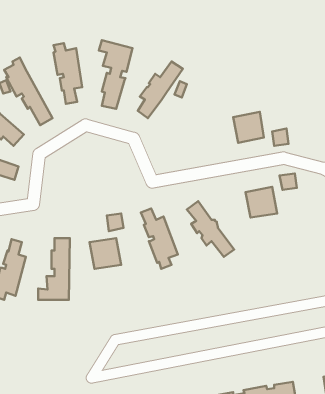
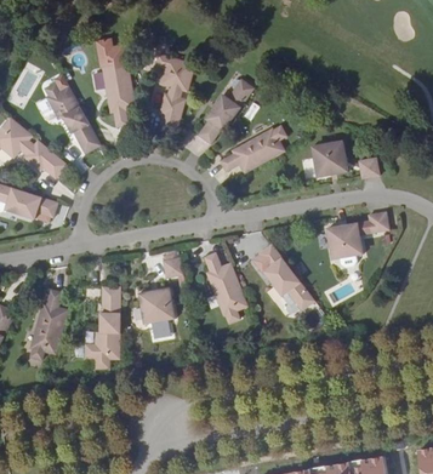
building: none -> [220,125,286,172]

